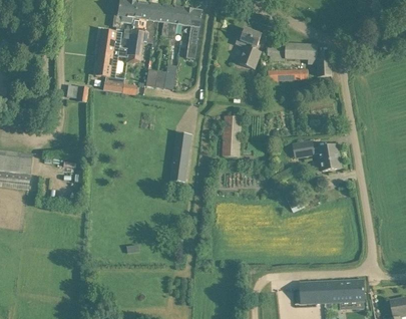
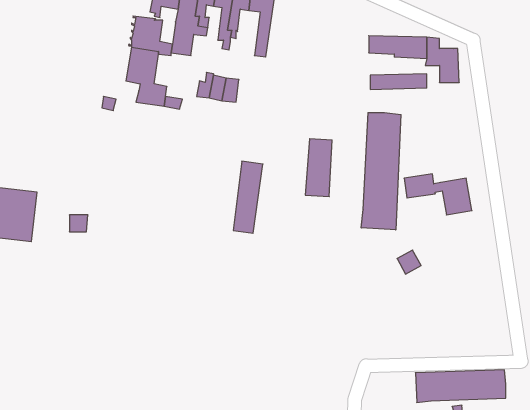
building: [236,27,262,68] -> none
building: none -> [361,113,401,230]

